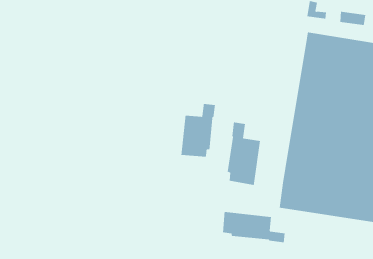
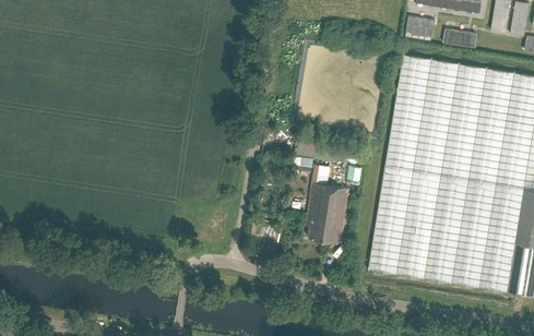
building: [181,103,215,158] -> none
building: [223,211,285,243] -> none

